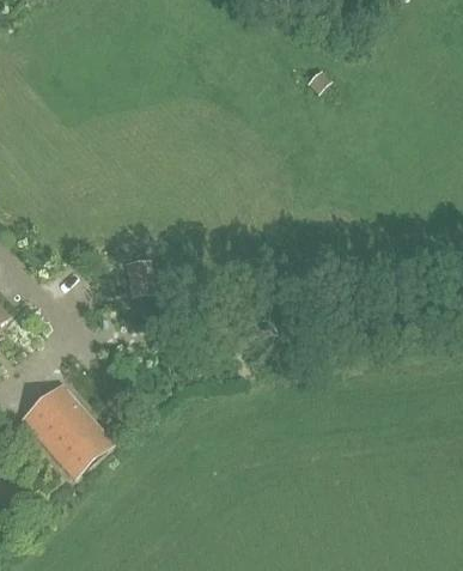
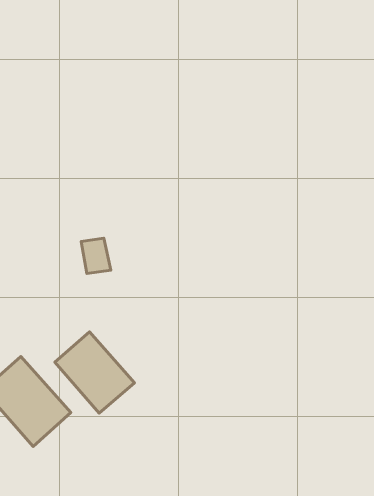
building: none -> [55,332,135,413]

